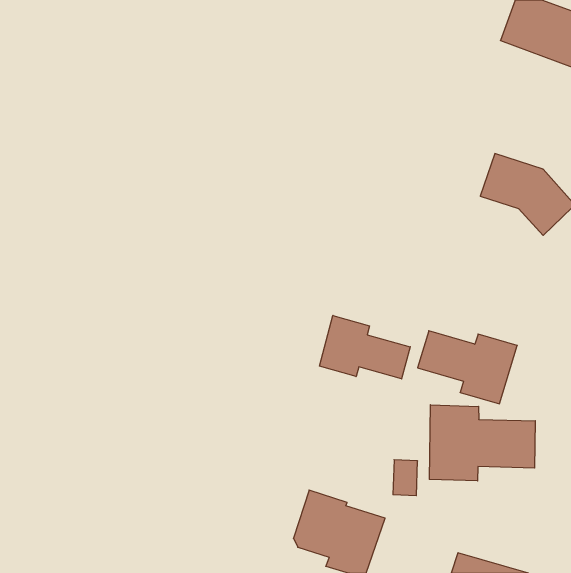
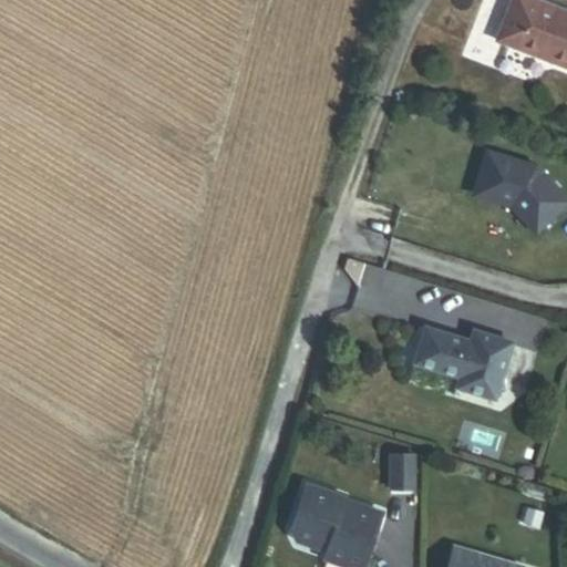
building: [320,315,410,379] -> none
building: [429,405,535,481] -> none

